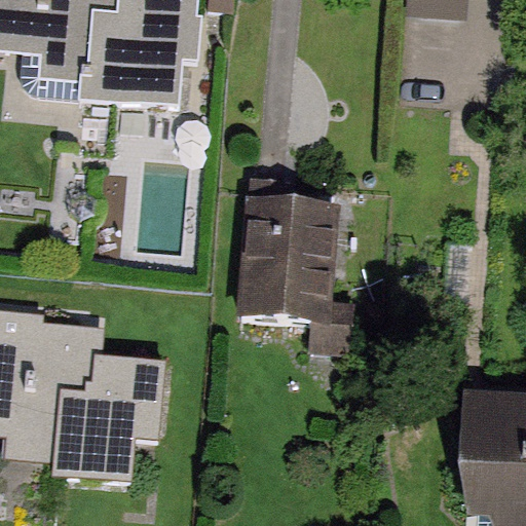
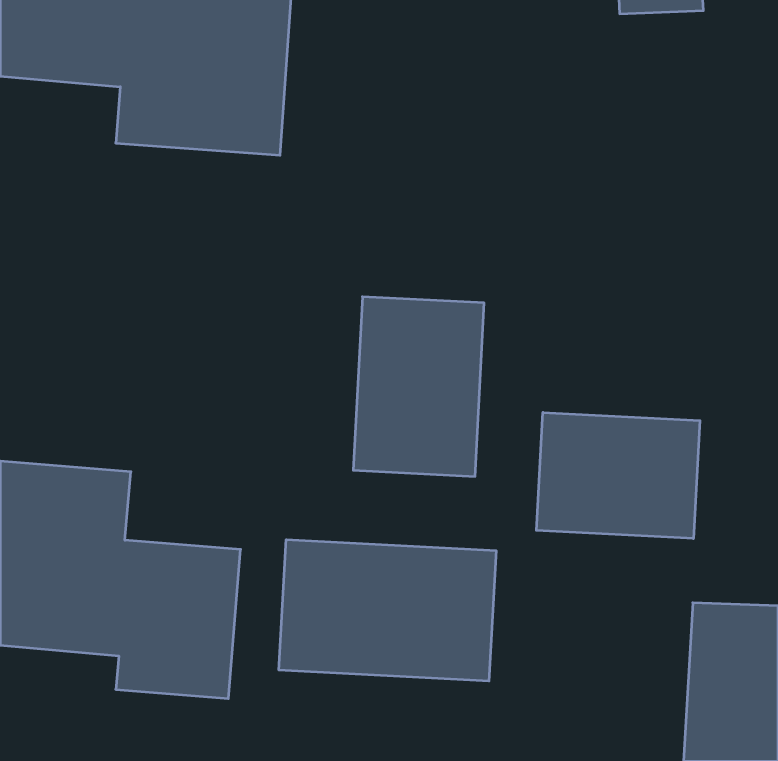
building: none -> [536,412,700,539]
building: none -> [279,540,496,681]

